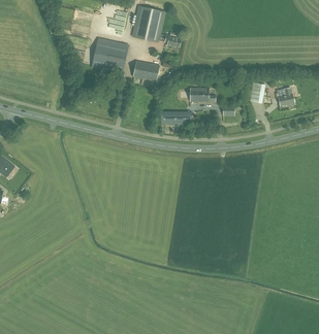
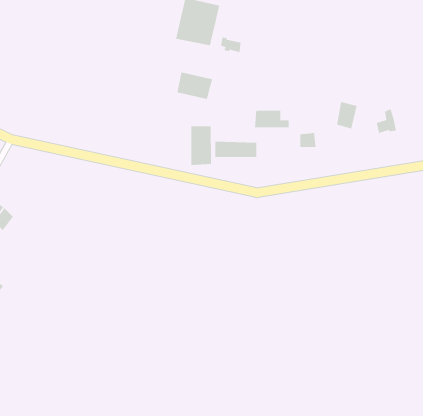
building: [91,37,128,73] -> none
building: none -> [190,125,212,166]

